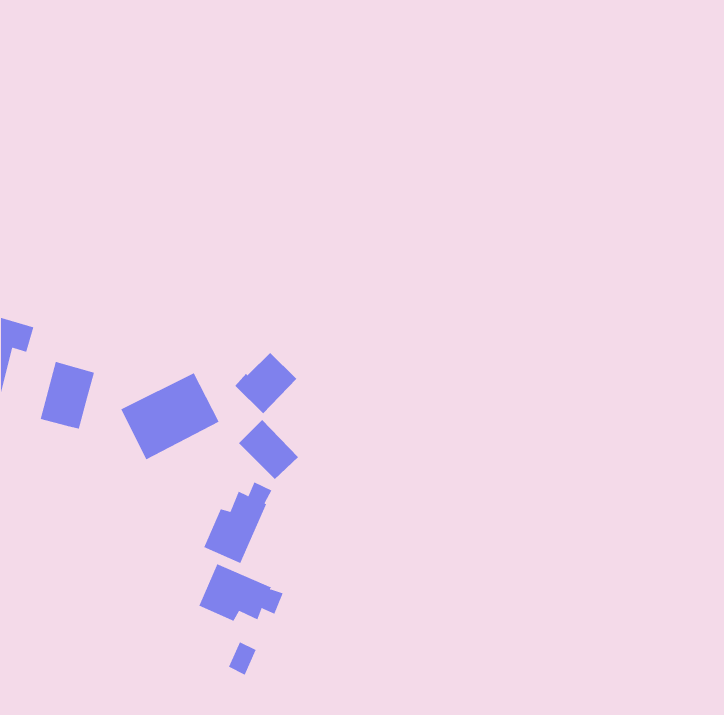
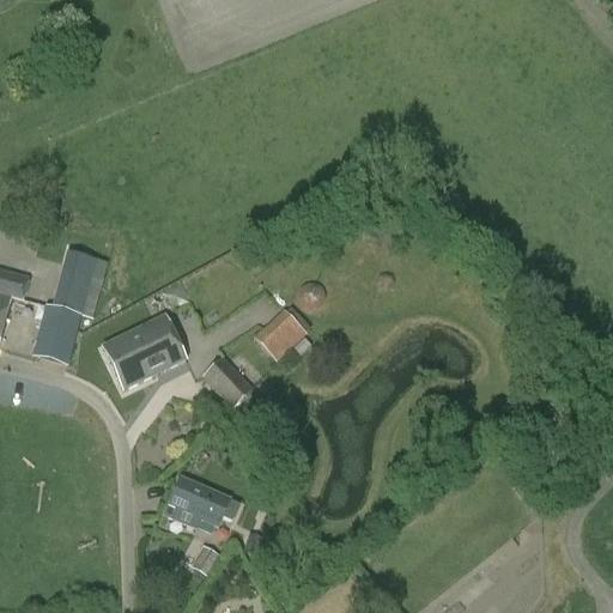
building: none -> [50,249,107,317]
building: [235,352,297,414] -> [253,306,305,359]
building: [204,481,272,564] -> none

